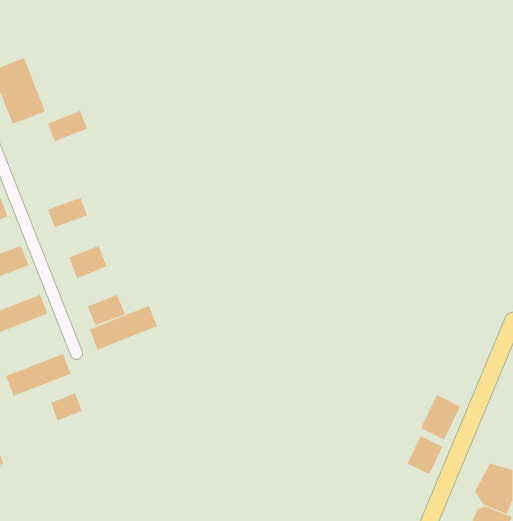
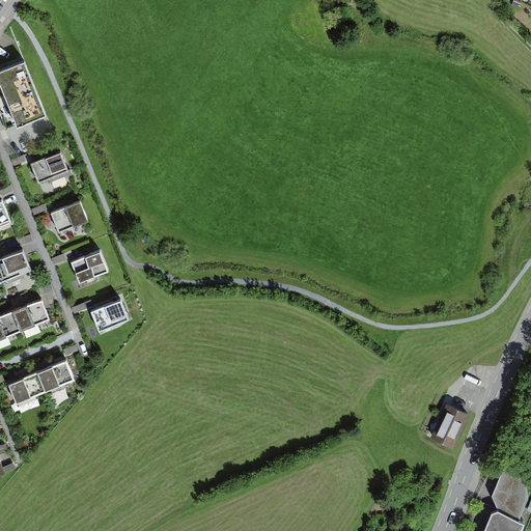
building: [47,110,88,142] -> [28,150,69,183]
building: [89,305,157,350] -> none
building: [50,393,82,421] -> none
building: [407,435,443,475] -> none

